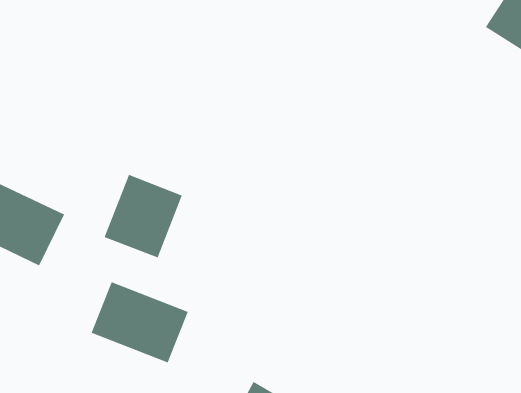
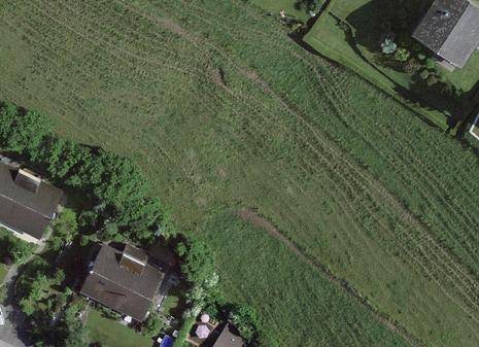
building: [104,174,183,259] -> none

